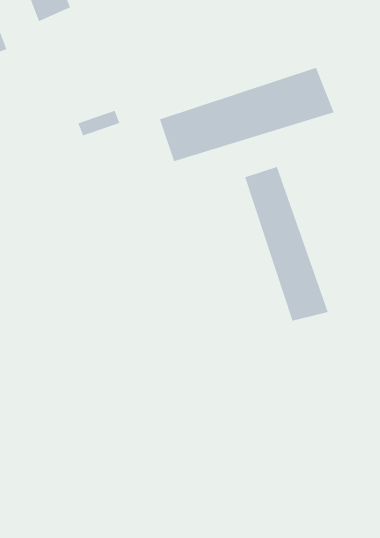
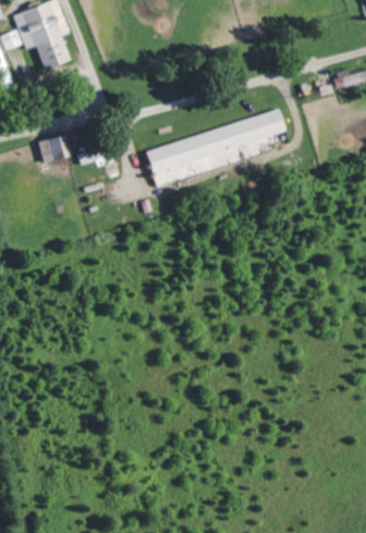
building: none -> [35,134,70,162]
building: [244,166,328,321] -> none

